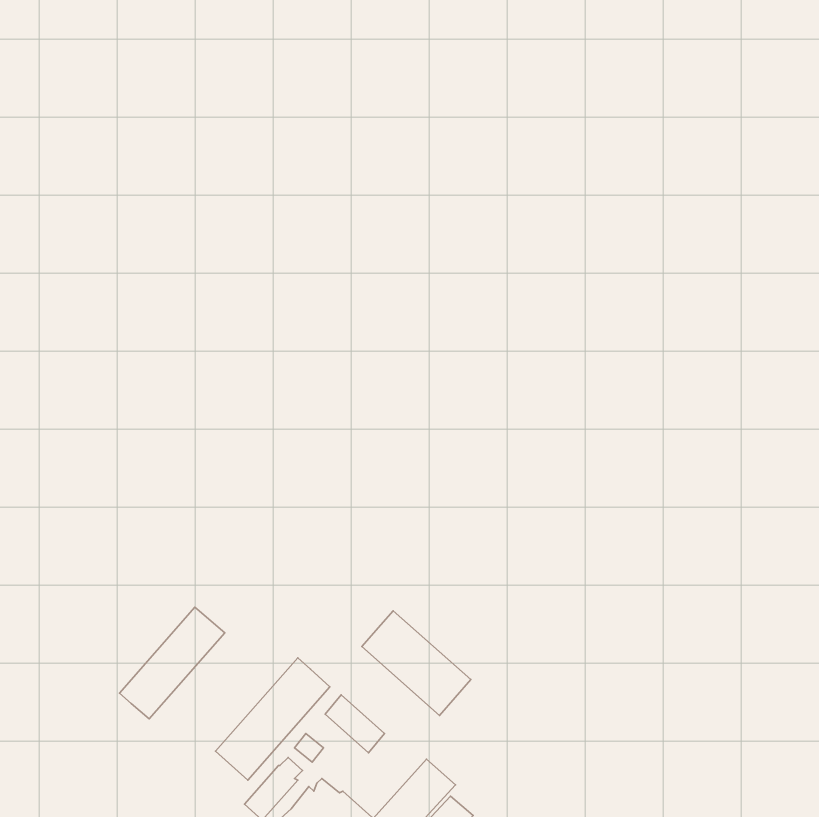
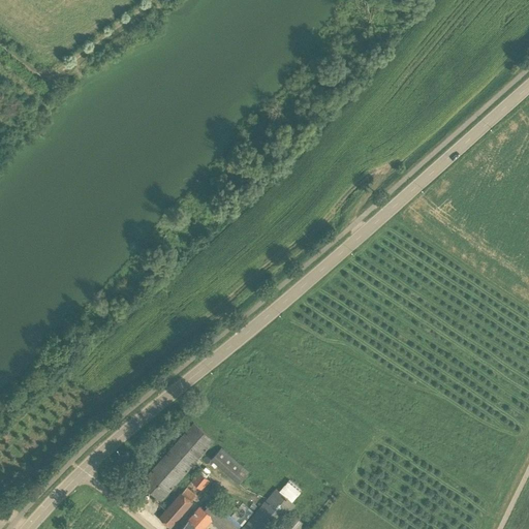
building: [119,607,225,719] -> none
building: [362,611,471,715] -> none

